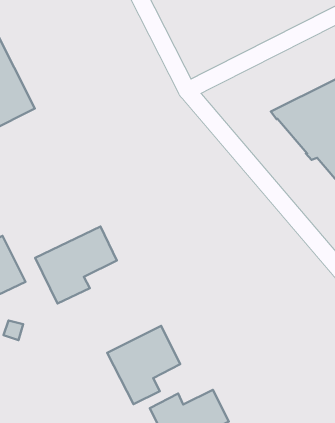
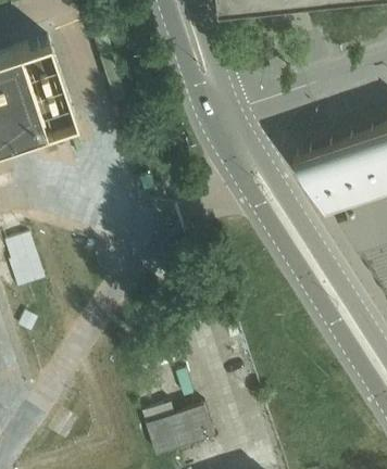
building: [35,226,117,303] -> none
building: [107,326,180,404] -> none

